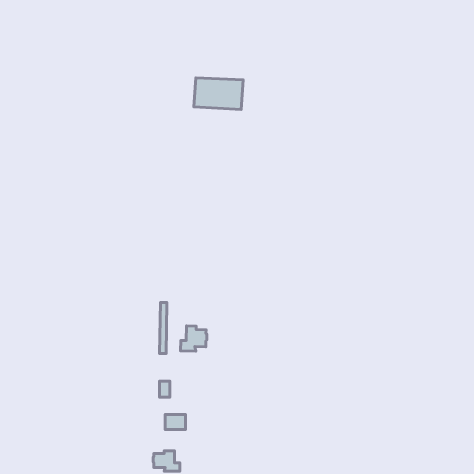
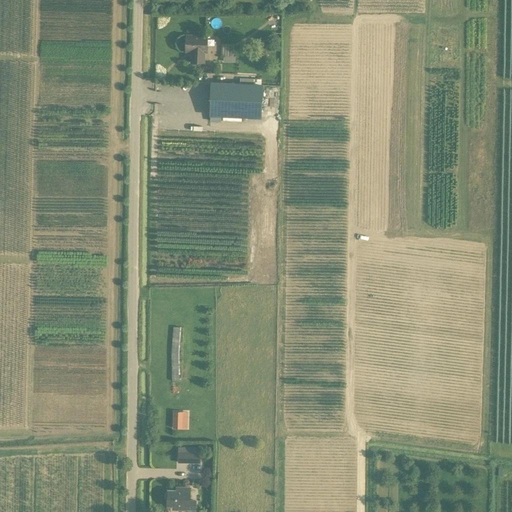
building: none -> [185,36,207,63]
building: [181,326,207,351] -> none

